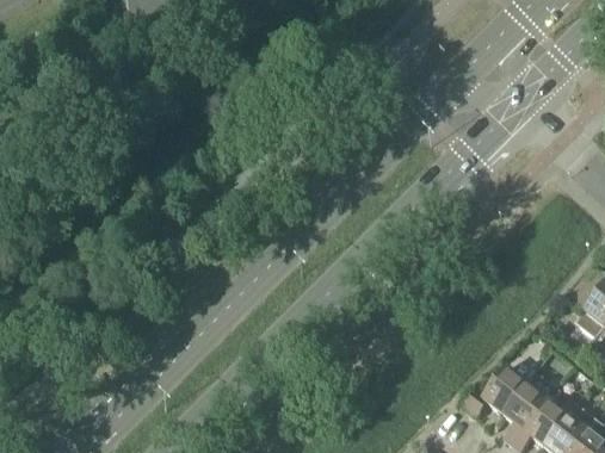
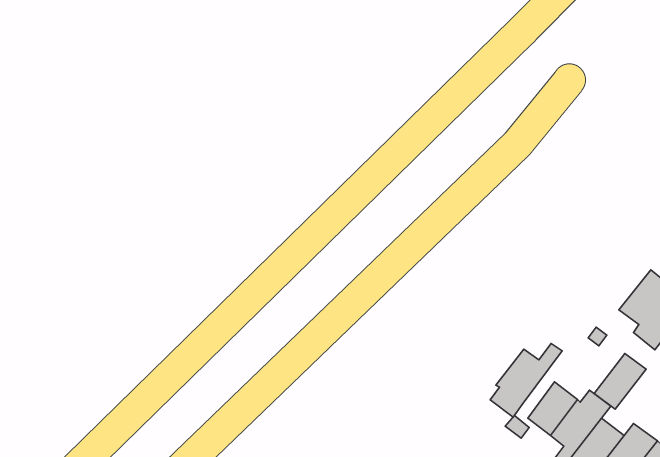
building: none -> [490,344,562,417]
building: none -> [594,354,646,409]

